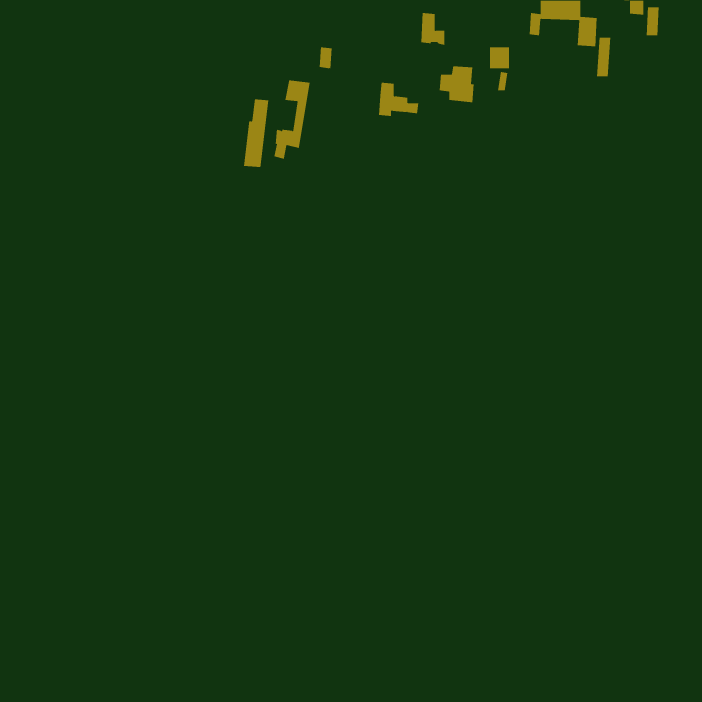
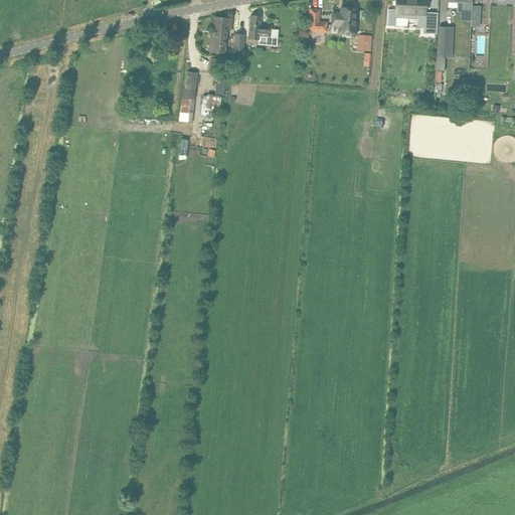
building: none -> [209,17,232,50]
building: [439,66,475,103] -> [331,7,357,34]
building: [378,82,419,117] -> [248,15,279,40]

